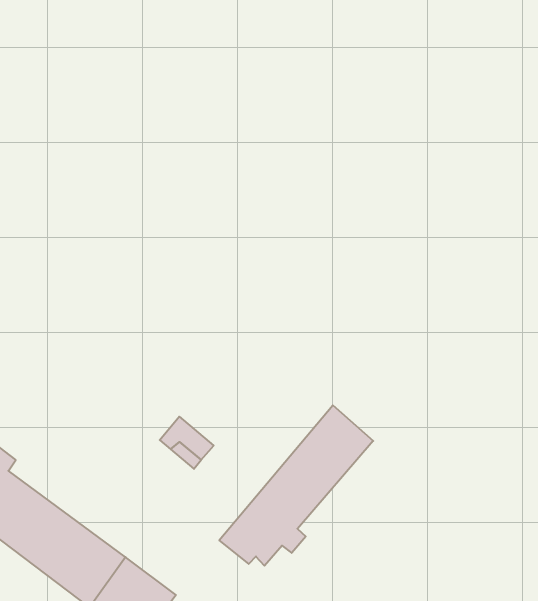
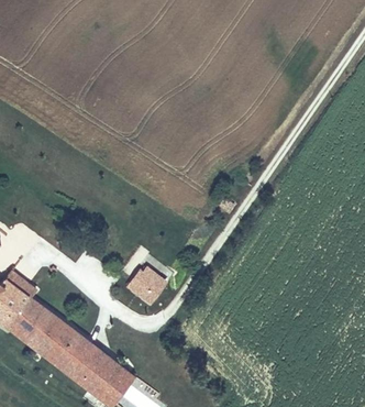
building: [219,405,373,566] -> none

